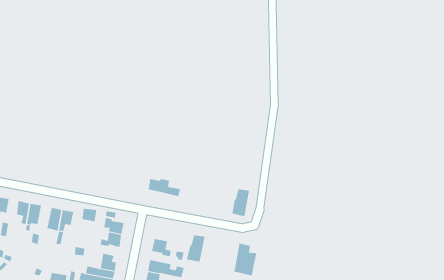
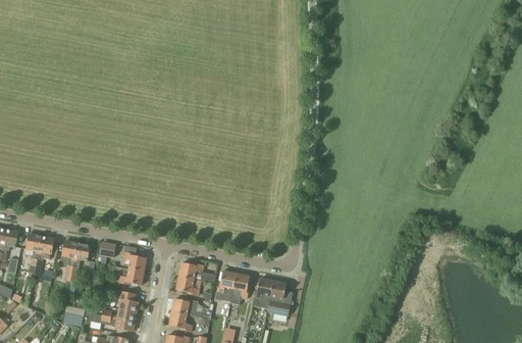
building: [148,179,181,197] -> [178,263,215,284]
building: [232,189,250,216] -> [252,279,272,309]
building: none -> [229,274,249,305]

